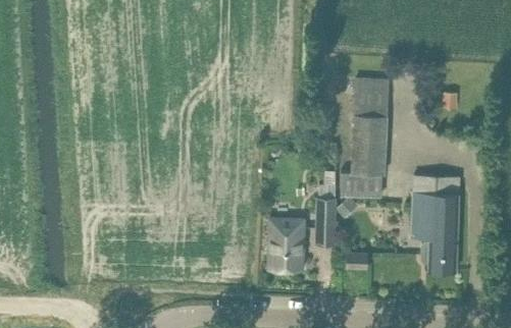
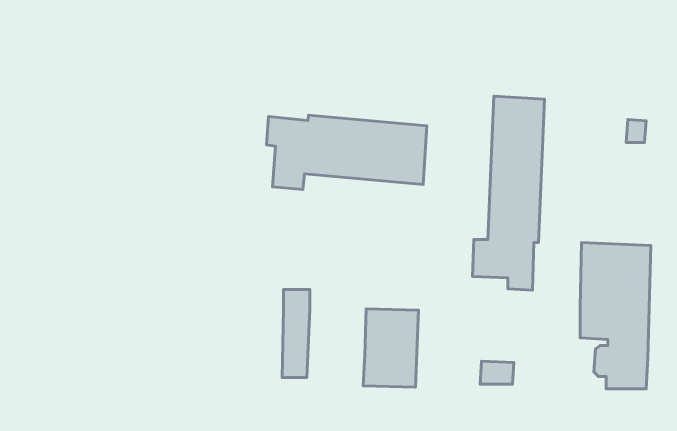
building: none -> [267,115,427,190]
building: [317,186,336,244] -> [282,290,310,377]

